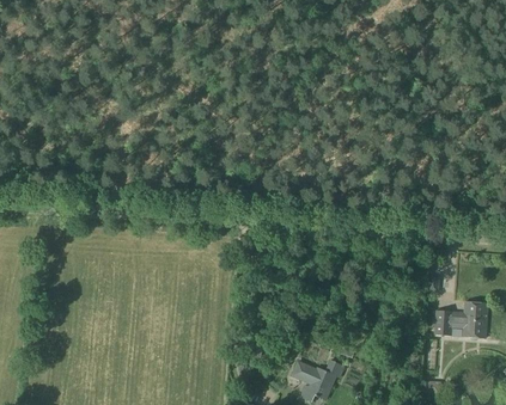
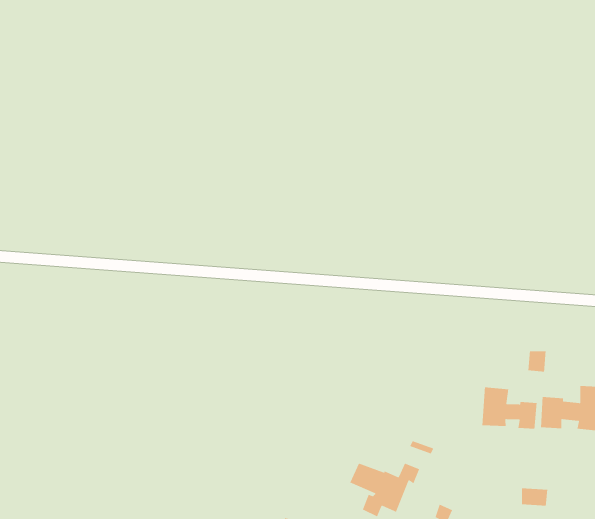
building: none -> [481,386,537,429]

